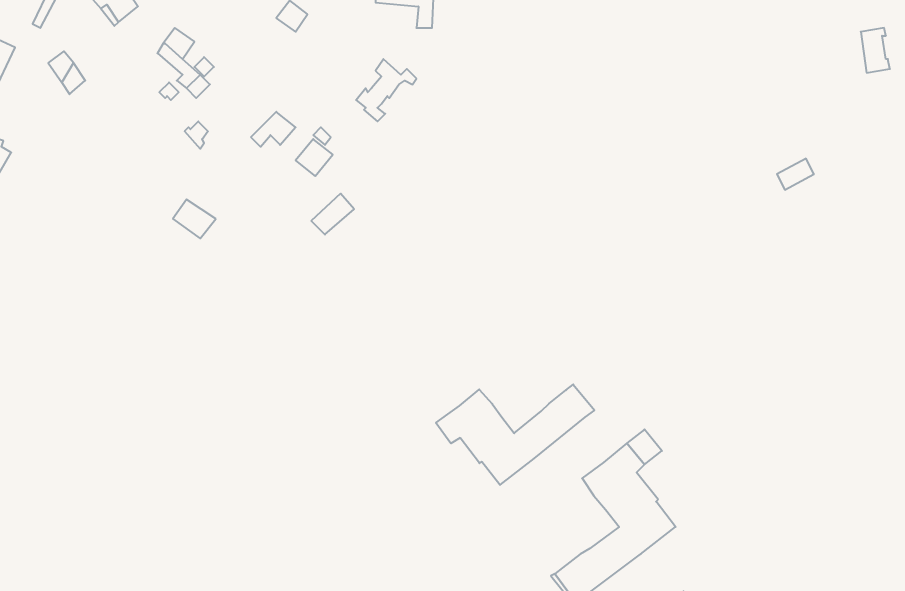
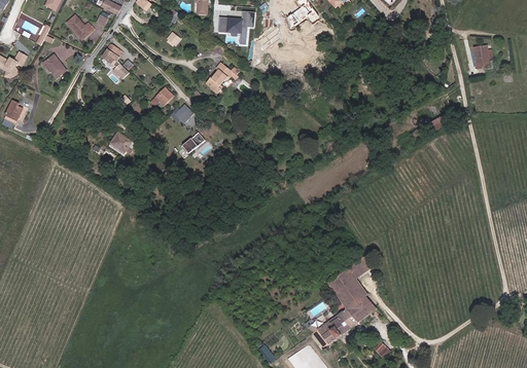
building: [436,384,594,485] -> none

